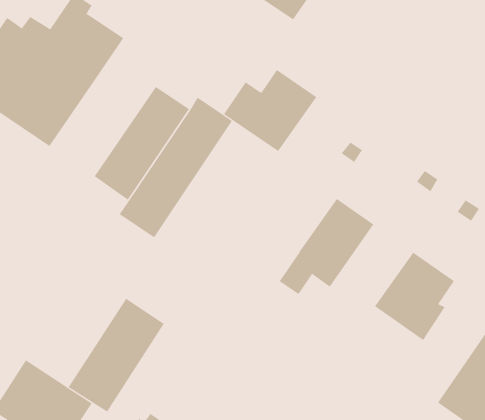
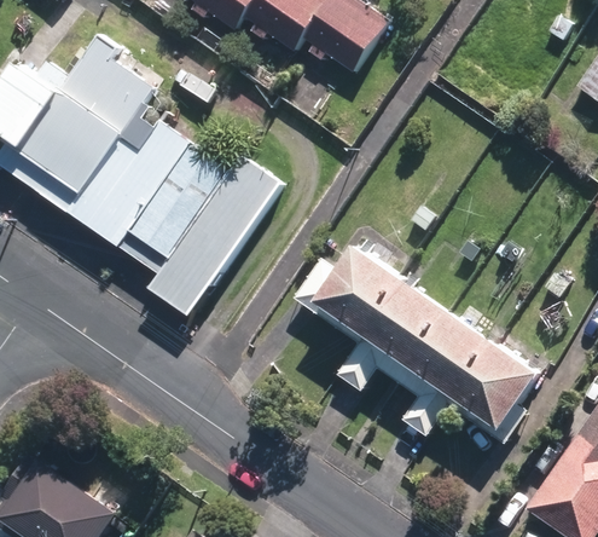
building: none -> [72,125,195,252]
building: [223,69,317,152] -> [295,244,403,340]
building: none -> [396,307,492,433]
building: [68,298,165,412] -> none

